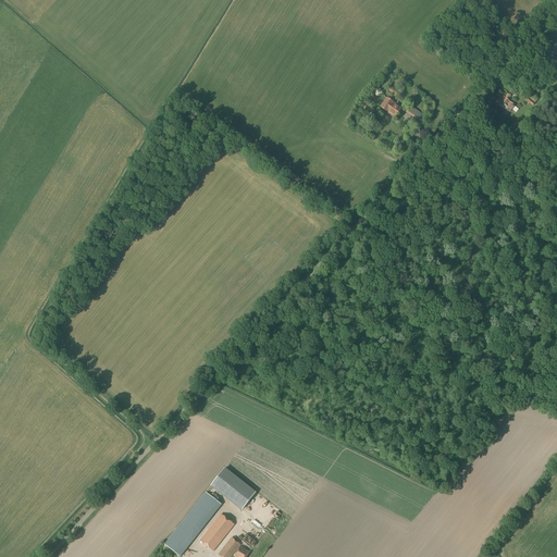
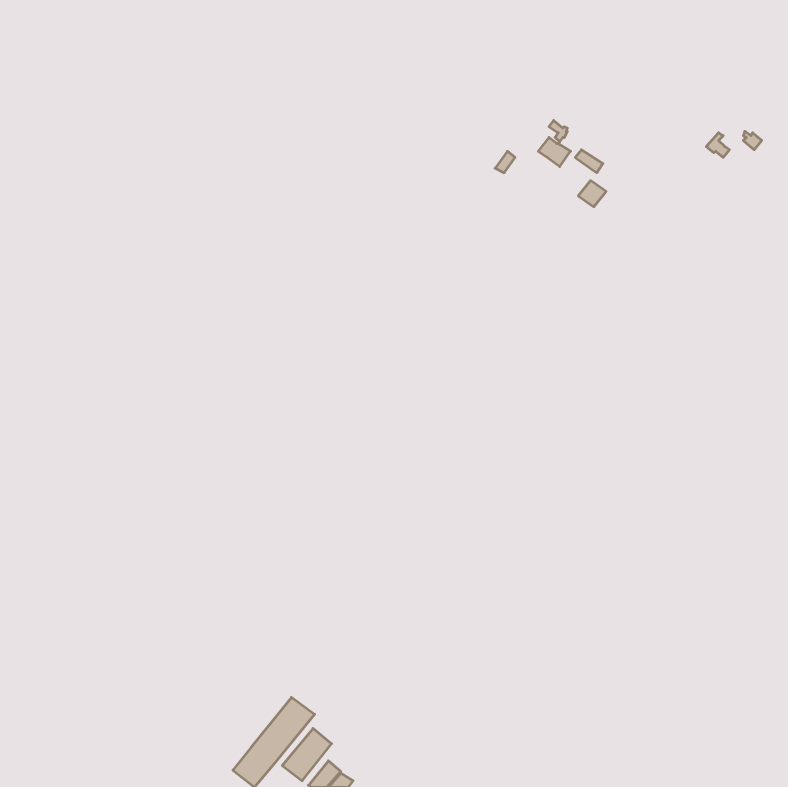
building: [211,468,256,509] -> none

